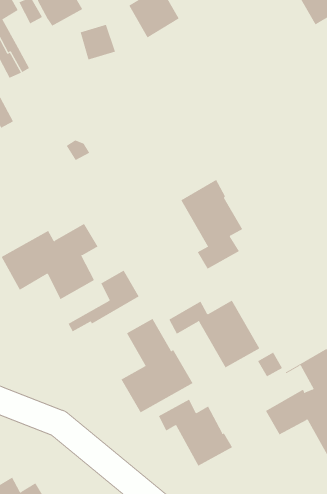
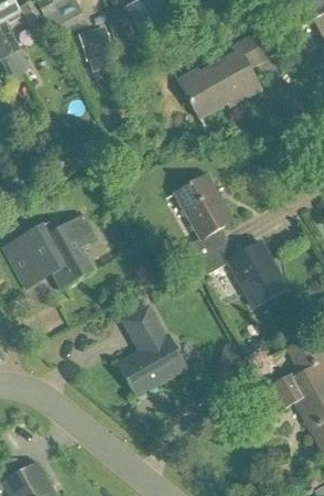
building: none -> [177,33,268,118]
building: [68,270,139,332] -> none
building: [168,300,260,368] -> [199,240,287,305]
building: [158,399,233,466] -> none

